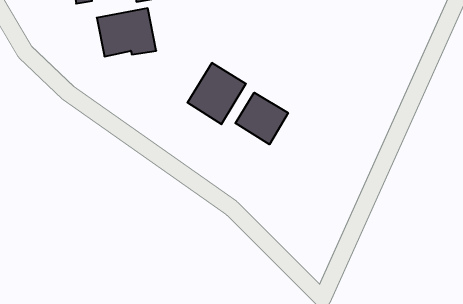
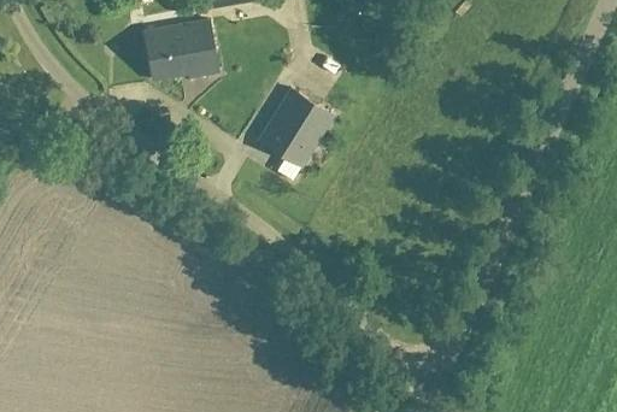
building: [235,93,288,144] -> none

